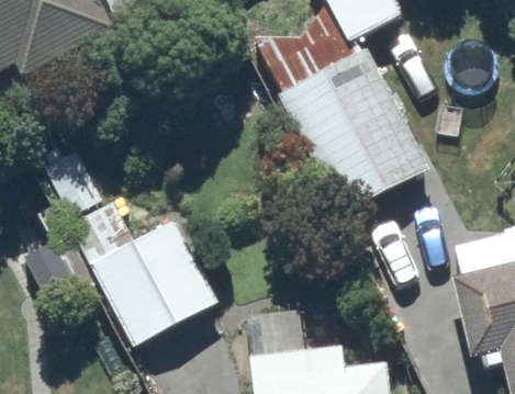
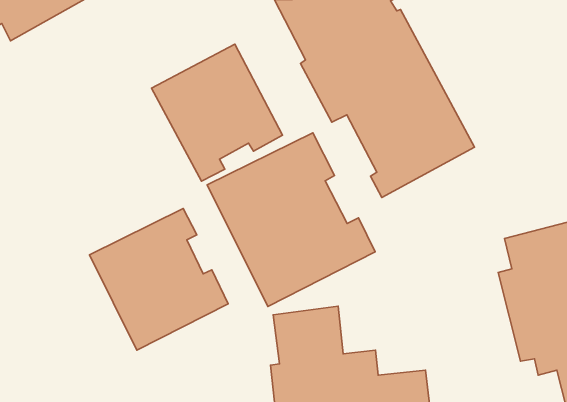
building: none -> [152,44,283,181]
building: none -> [207,133,375,306]

